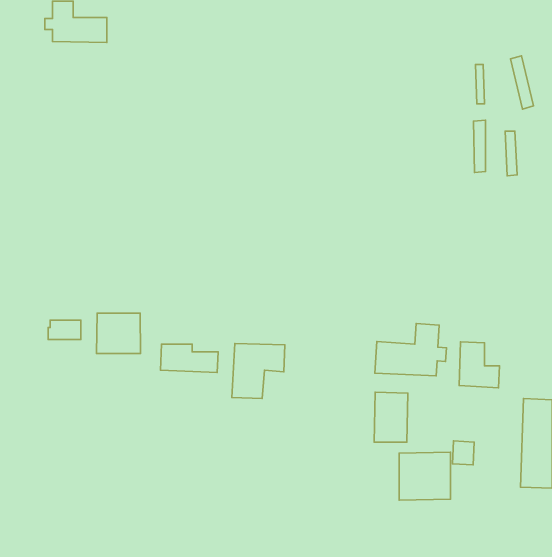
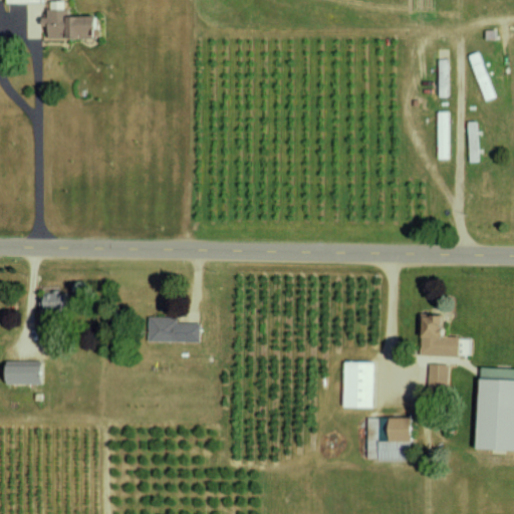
building: [96,313,140,354] -> none
building: [375,324,446,376] -> none
building: [232,343,285,399] -> none
building: none -> [9,361,45,384]
building: [452,441,474,465] -> [429,364,449,387]

